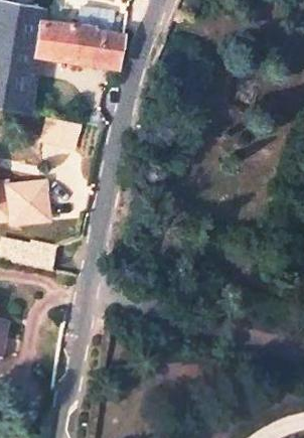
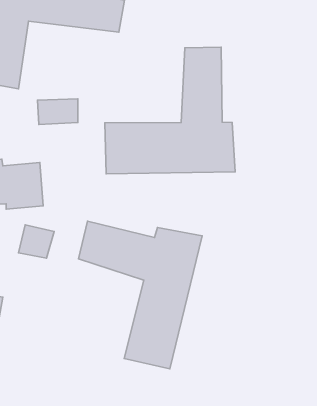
building: none -> [105,47,235,174]
building: none -> [79,221,202,369]

